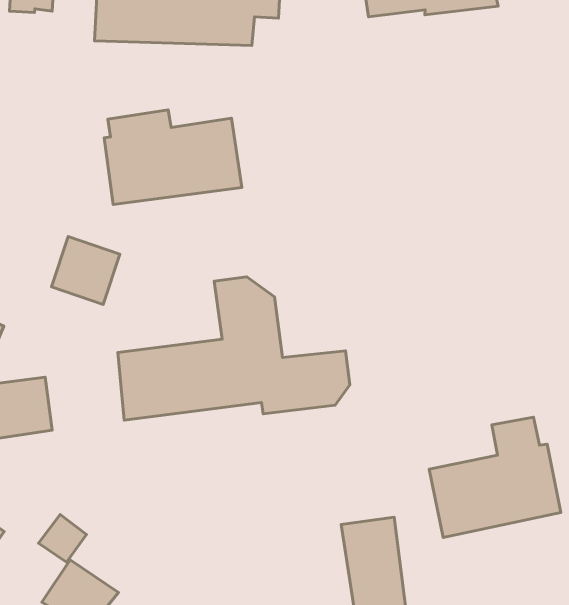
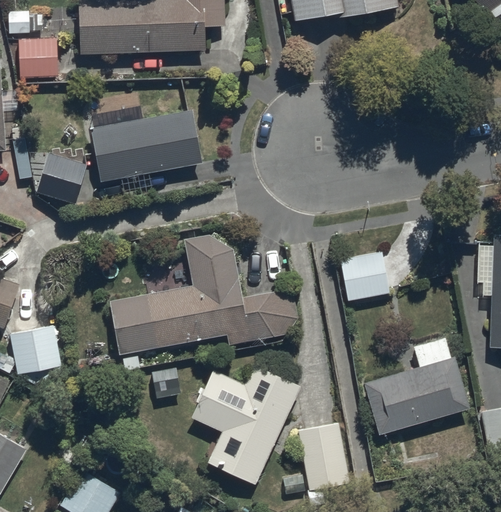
building: none -> [18,37,57,77]
building: [52,236,120,305] -> [35,152,88,205]
building: none -> [339,252,389,301]
building: none -> [191,365,300,485]

